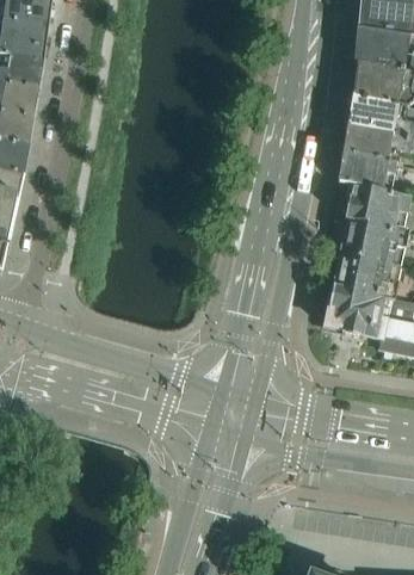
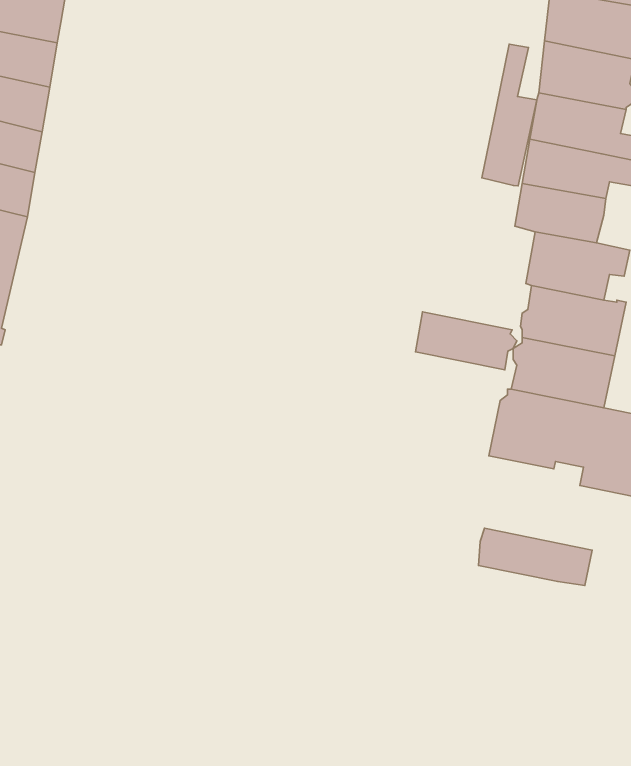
building: none -> [482,44,537,186]
building: none -> [415,312,517,370]
building: none -> [479,528,592,585]

